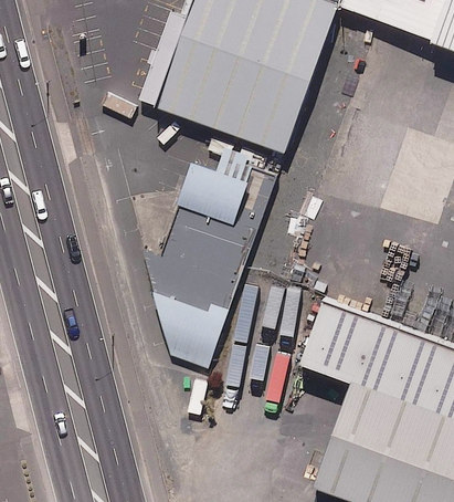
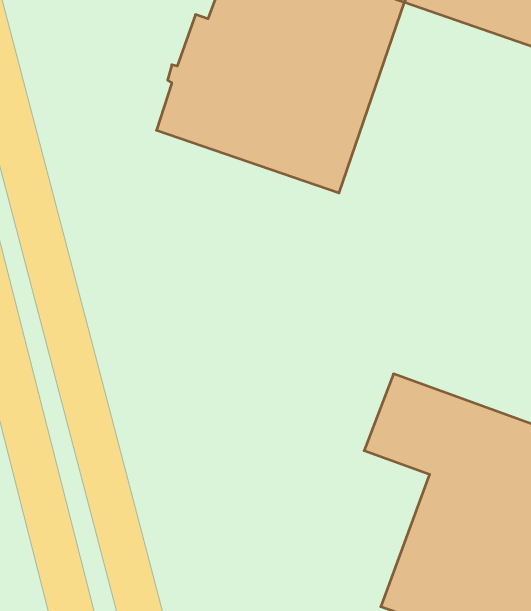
building: [145,155,278,368] -> none

